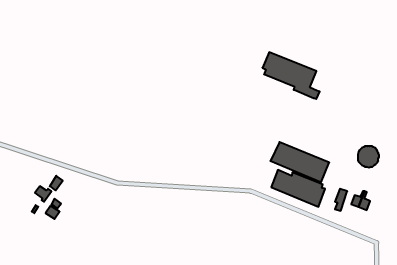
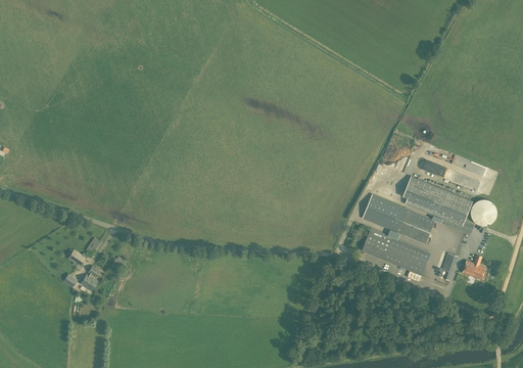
building: [262,52,320,99] -> [402,176,474,234]

